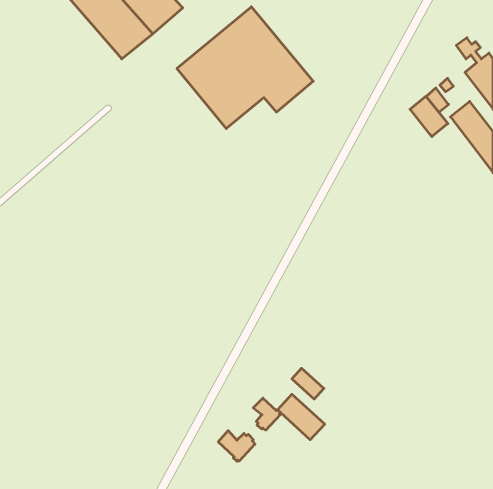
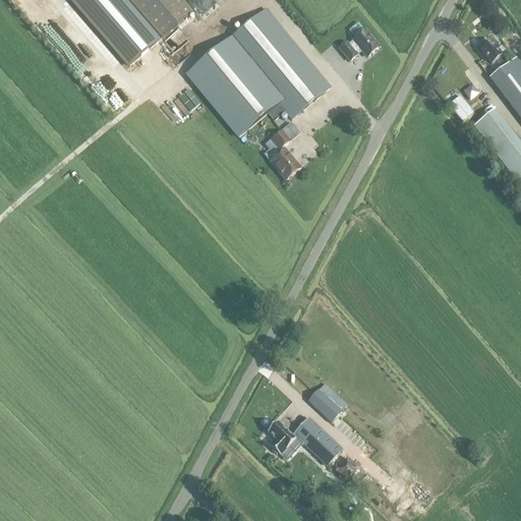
building: none -> [339,20,379,59]
building: [410,96,448,137] -> none
building: none -> [270,129,300,179]
building: [218,431,255,461] -> none

